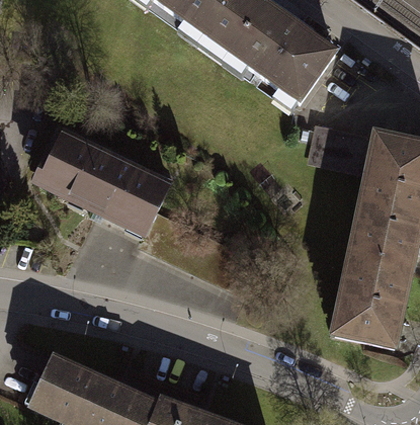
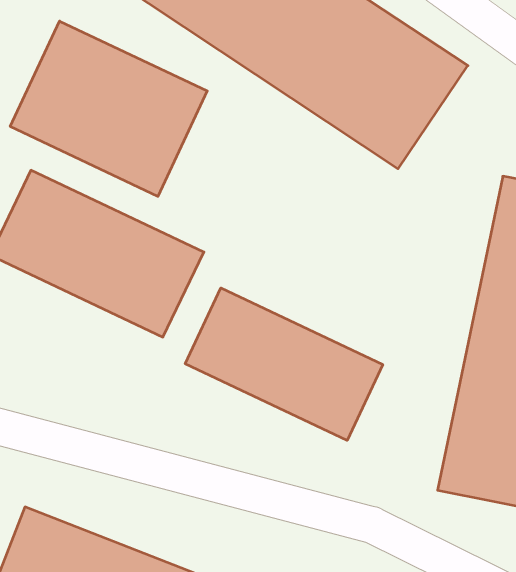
building: none -> [10,21,207,196]
building: none -> [185,288,383,440]

